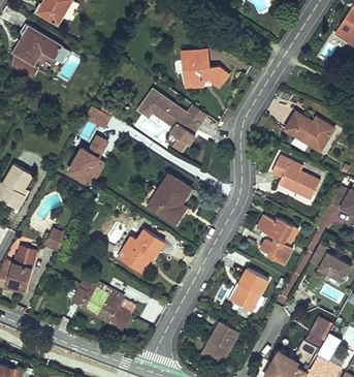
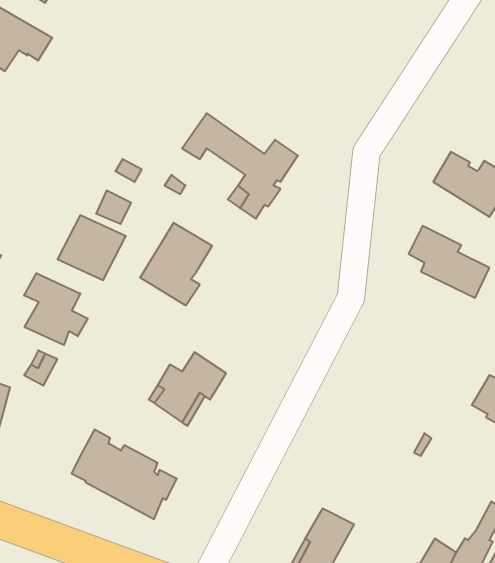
building: [182,50,228,88] -> none
building: [148,176,190,224] -> [140,223,212,305]
building: none -> [24,273,88,345]
building: [256,215,297,264] -> none
building: [230,269,267,312] -> none

